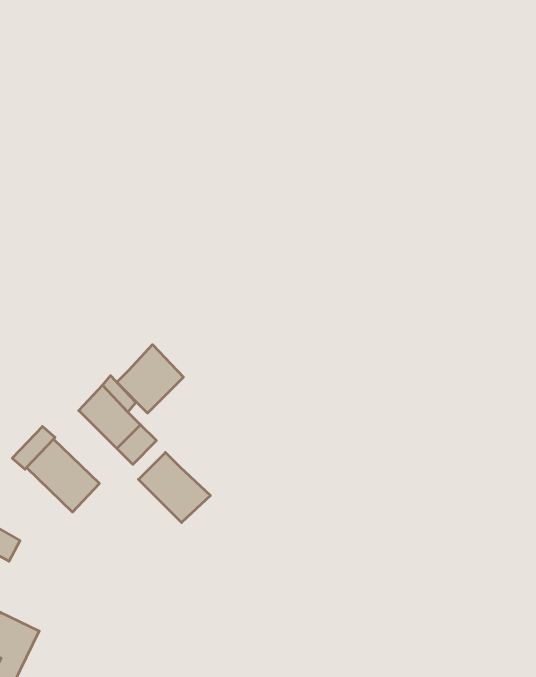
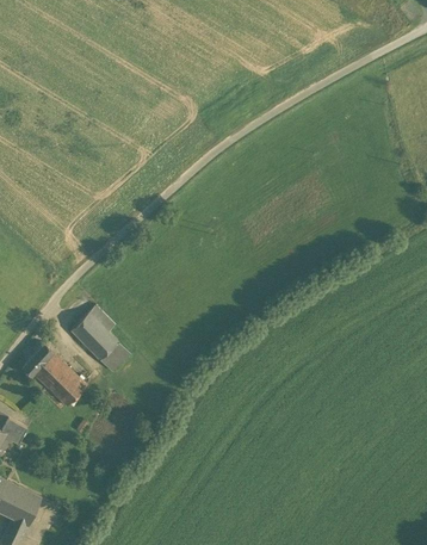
building: [117,345,183,413] -> none
building: [138,452,210,523] -> none

